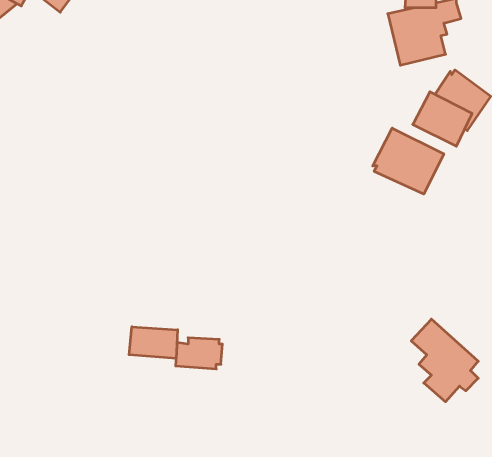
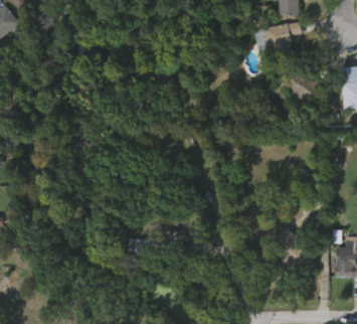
building: [373,128,444,194] -> none
building: [129,327,178,358] -> none

